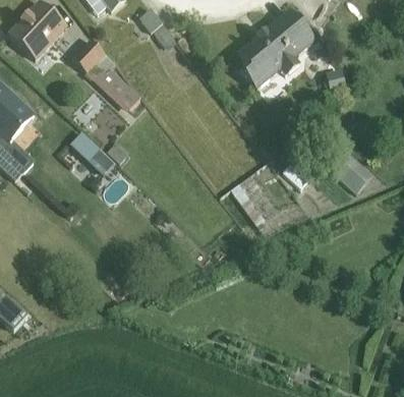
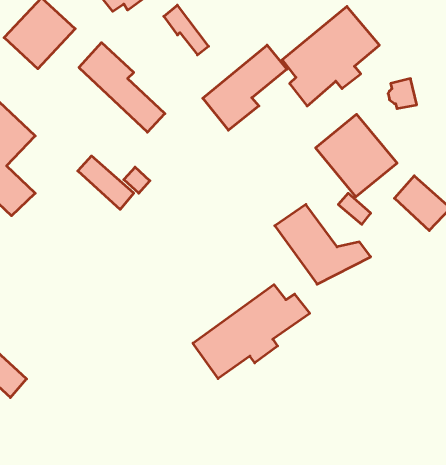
building: none -> [203,45,287,130]
building: none -> [316,114,397,197]
building: none -> [193,285,310,379]

